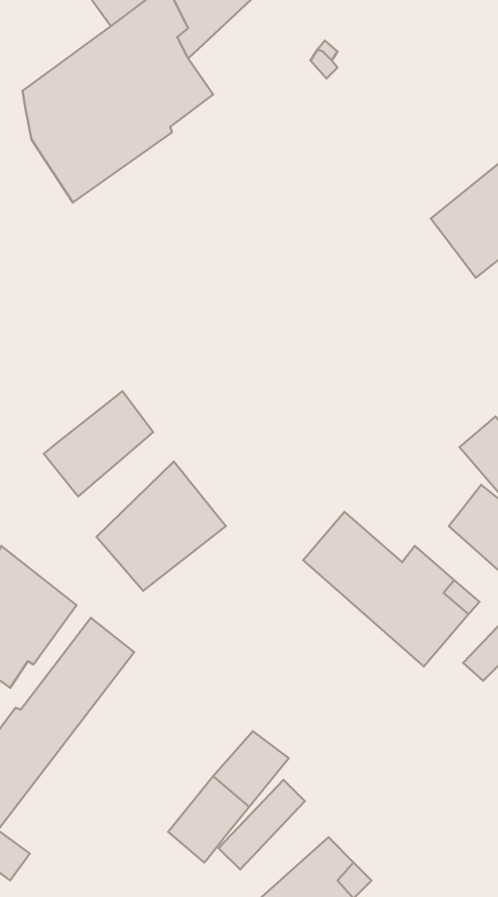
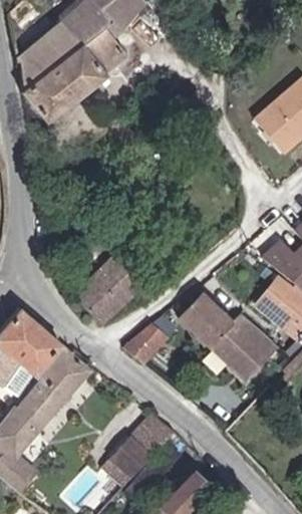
building: [44,391,153,496] -> none
building: none -> [124,322,171,361]

